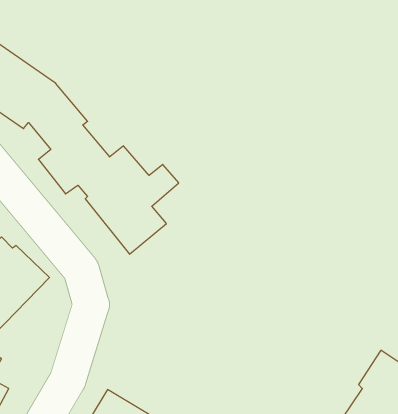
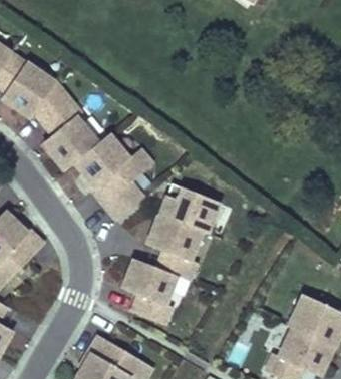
building: none -> [121,184,220,323]

